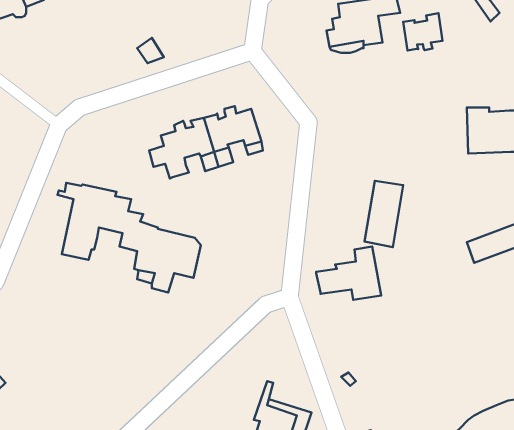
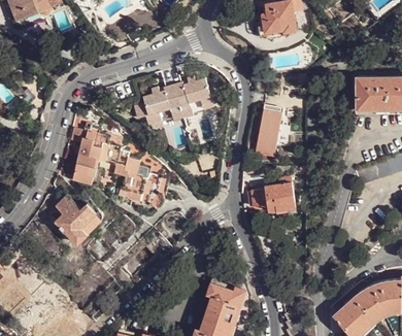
building: [403,13,442,51] -> none
building: [365,181,403,247] -> [255,109,281,156]
building: none -> [57,197,103,243]

